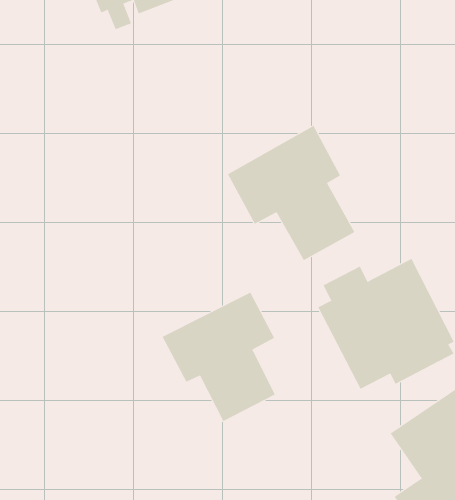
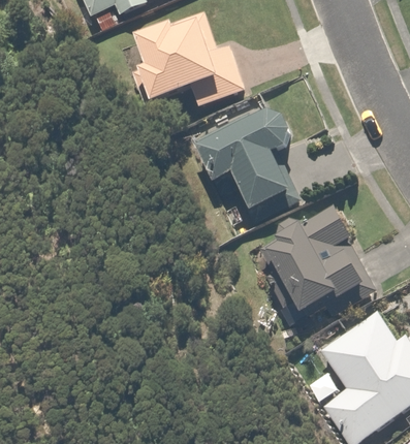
building: none -> [132,11,248,107]
building: [162,292,275,422] -> none

